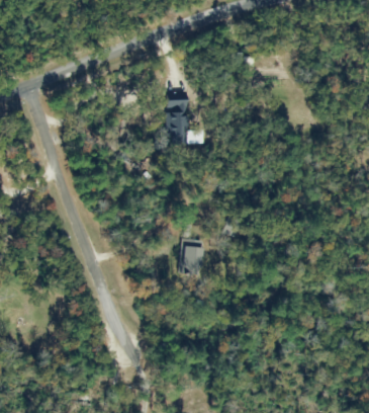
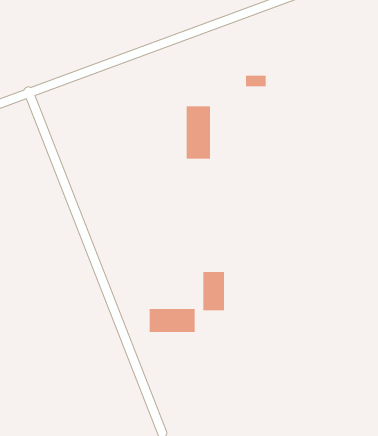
building: none -> [149,308,195,333]

